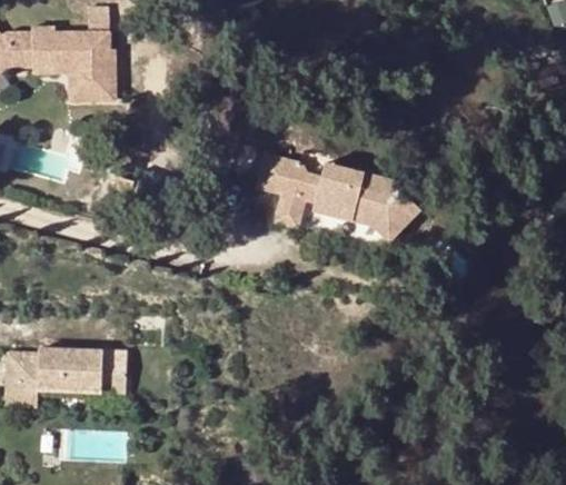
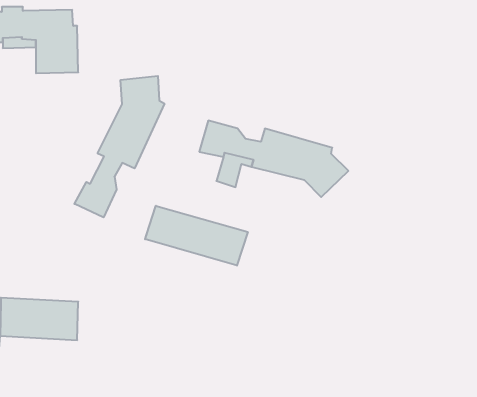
building: none -> [74,76,164,217]
building: none -> [145,206,248,266]

